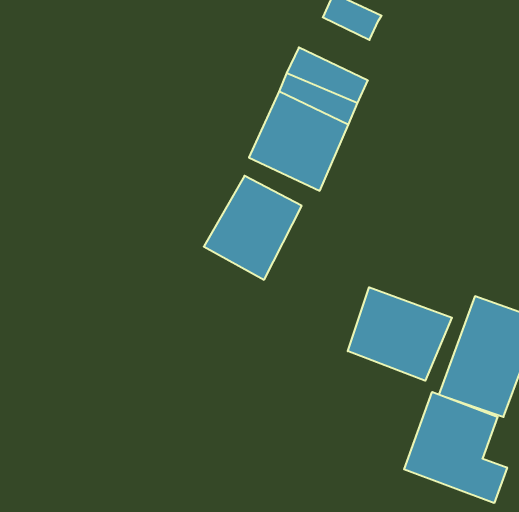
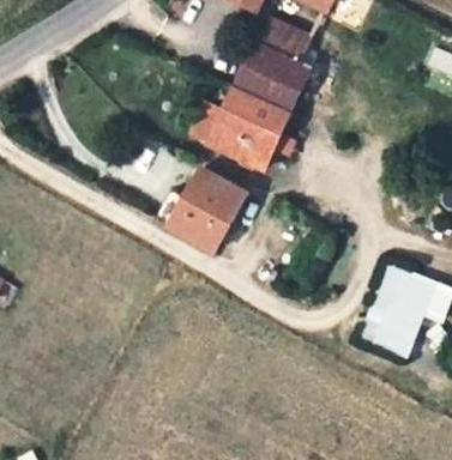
building: none -> [245,37,320,91]
building: [348,287,452,381] -> none
building: [404,392,507,503] -> none

